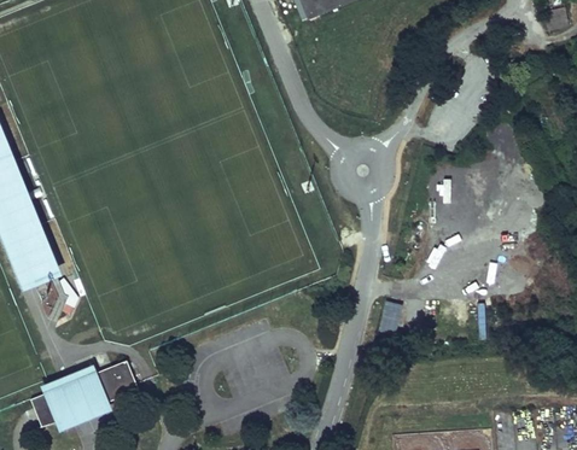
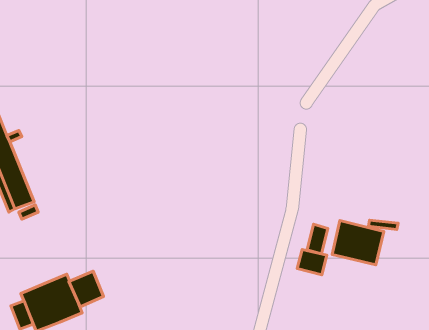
building: none -> [332,221,384,265]
building: none -> [297,249,327,275]

